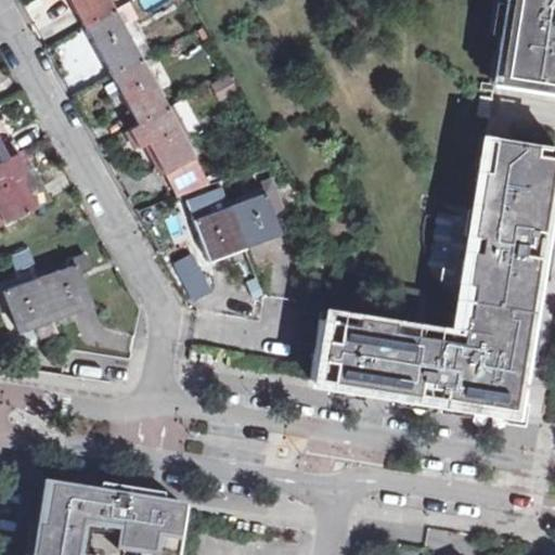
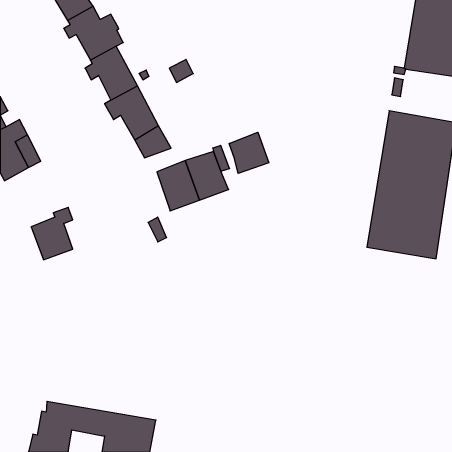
building: none -> [229,132,269,173]
building: [5,278,54,331] -> none
building: [309,302,534,413] -> none

